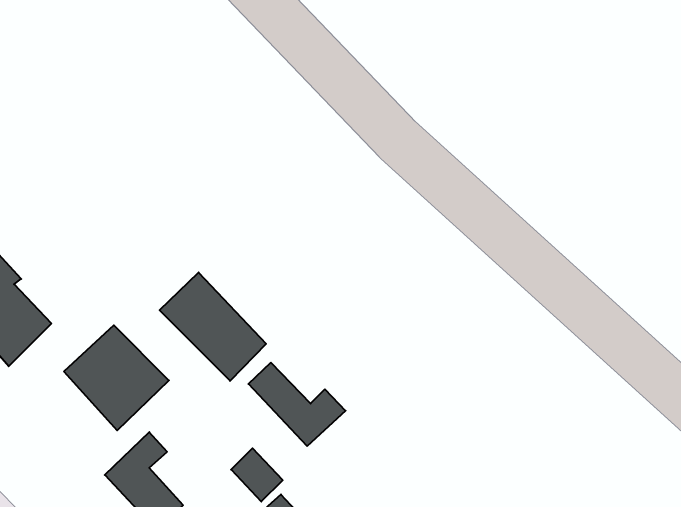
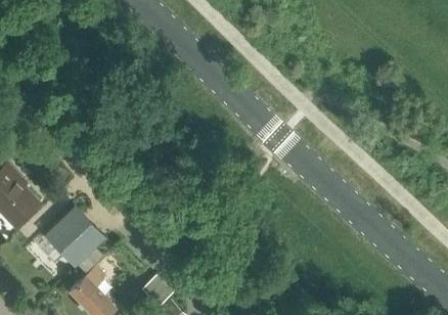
building: [160,272,266,381] -> none
building: [248,363,346,446] -> none

